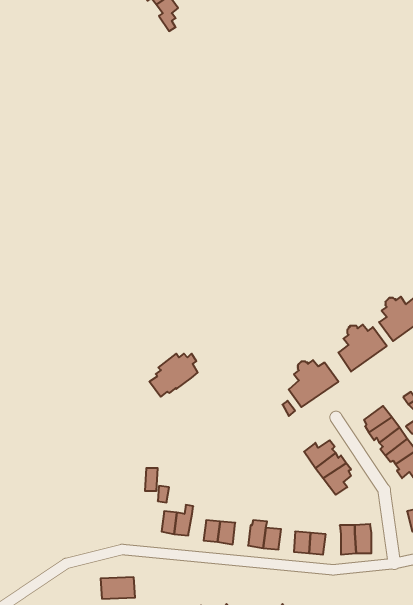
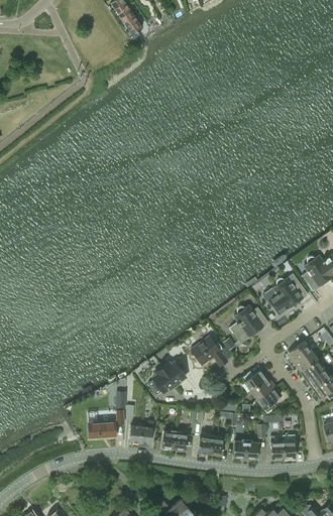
building: [149,354,198,397] -> [147,362,186,396]
building: none -> [190,336,227,367]
building: [101,577,135,599] -> [88,421,115,438]

